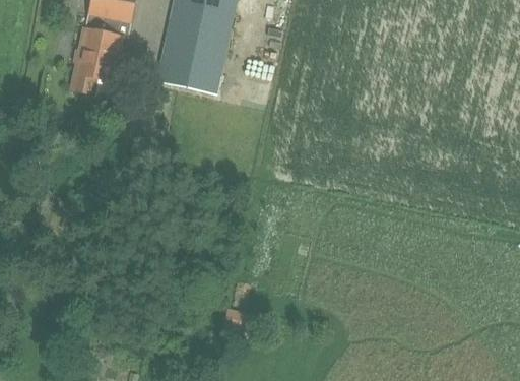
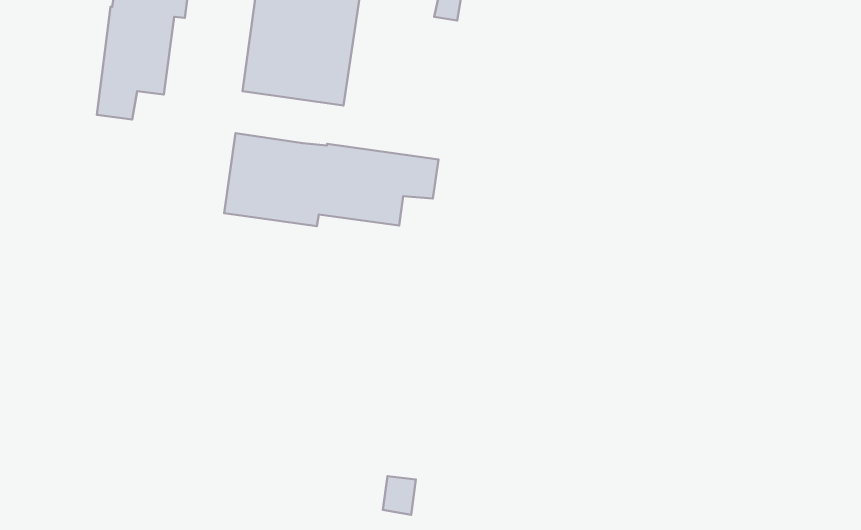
building: none -> [224,133,438,226]

